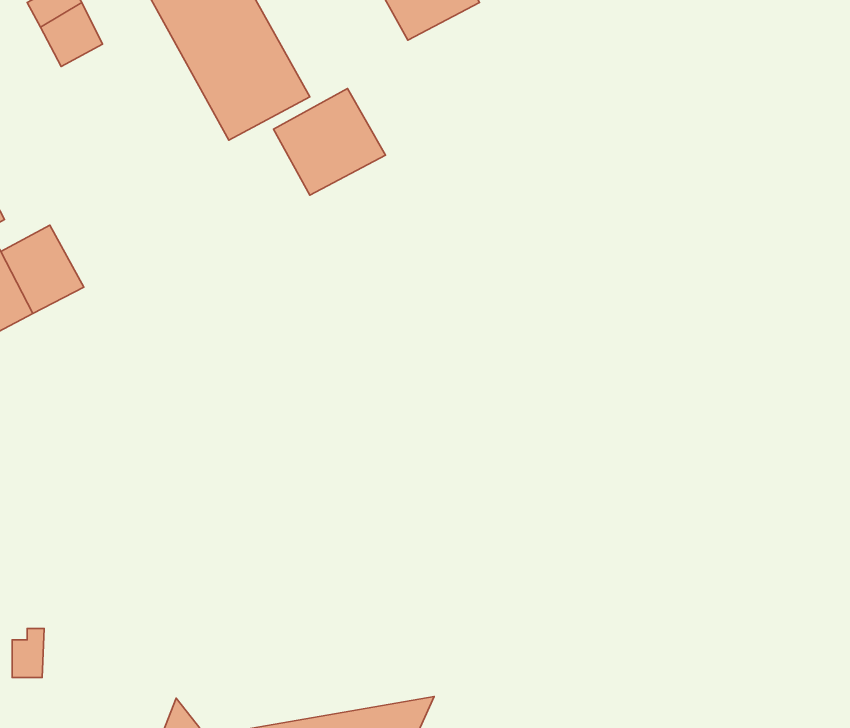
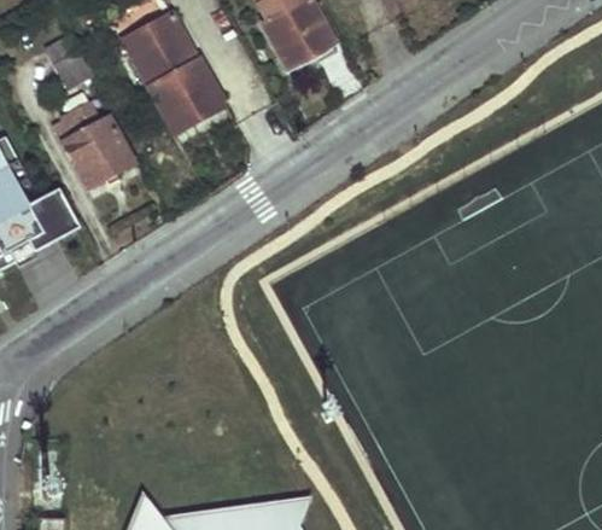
building: [273,88,385,195] -> none
building: none -> [52,103,134,188]

